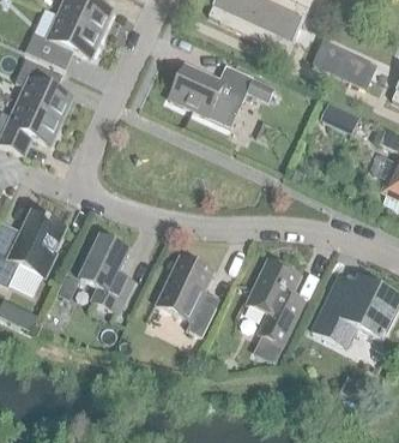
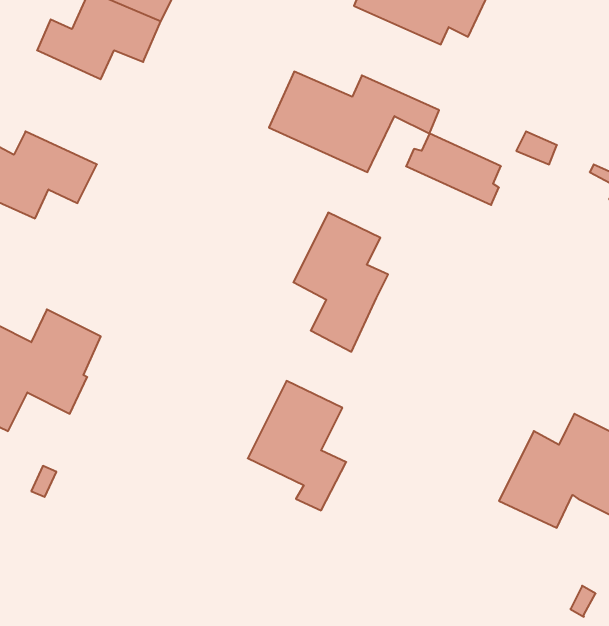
building: [312,42,370,86] -> [406,133,501,205]
building: [14,59,72,121] -> none
building: [79,237,132,313] -> none
building: [246,259,304,346] -> [293,213,388,352]

